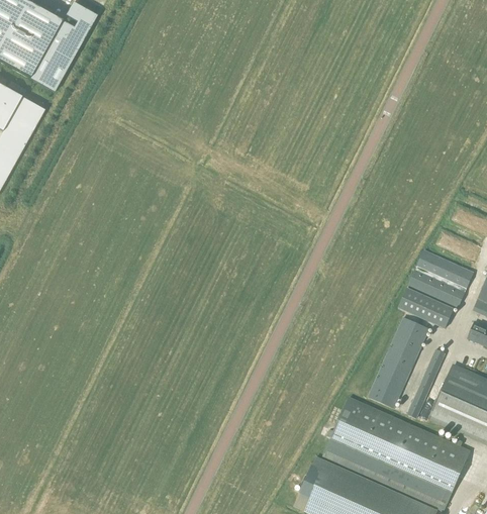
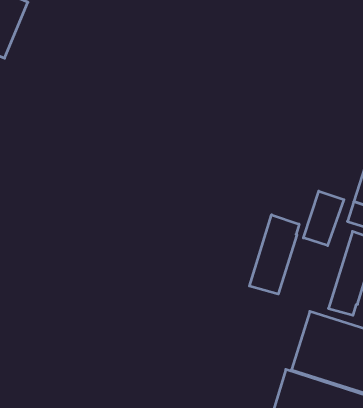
building: none -> [303,191,344,246]
building: none -> [249,215,299,294]

